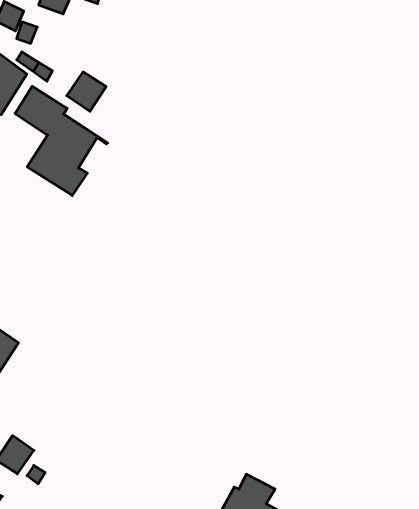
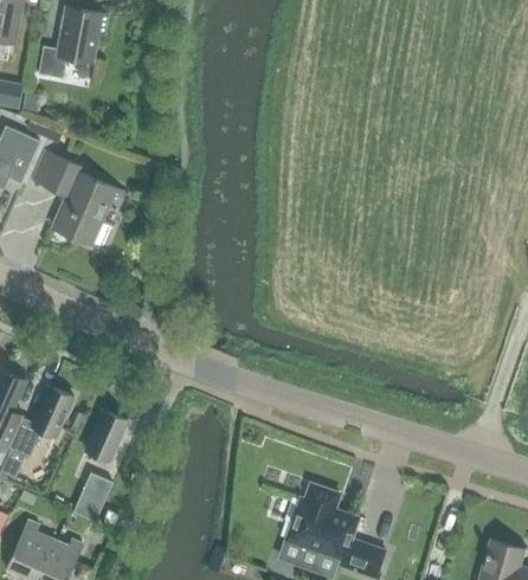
building: [67,72,106,111] -> none
building: none -> [85,410,127,460]

